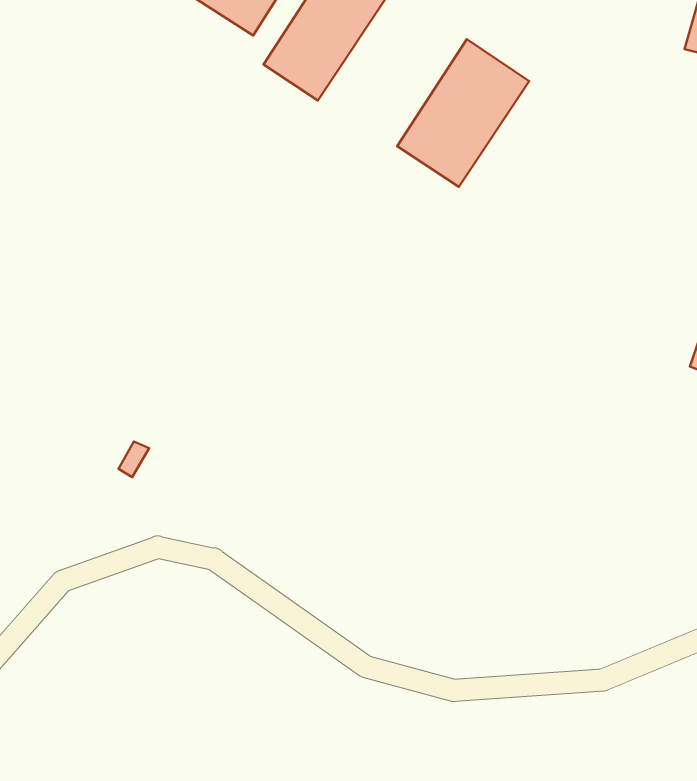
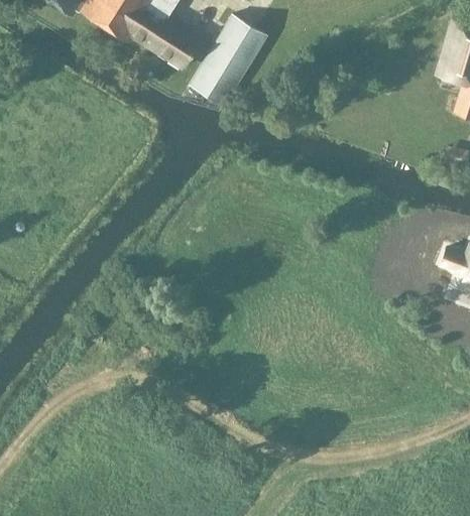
building: [397,39,529,187] -> none

